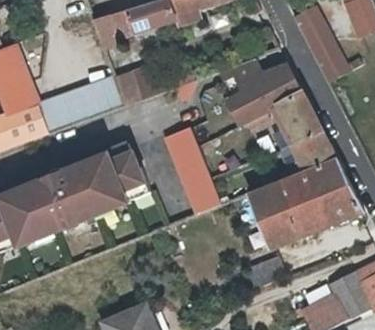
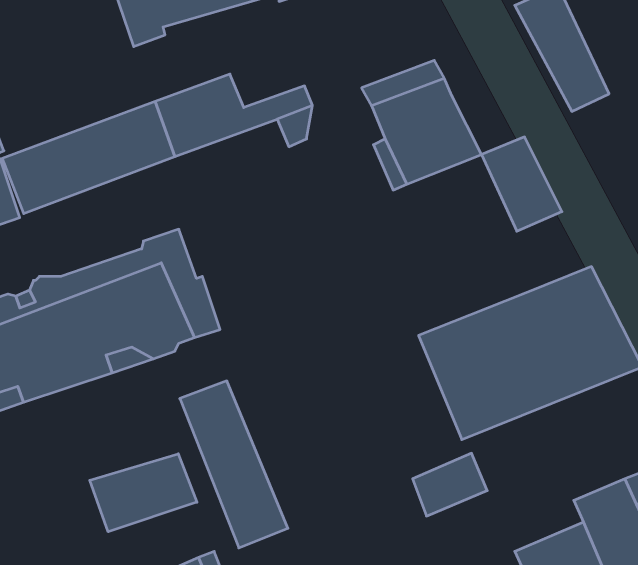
building: [266,65,303,104] -> none
building: [164,131,219,216] -> [180,381,288,548]
building: [293,133,337,175] -> none
building: none -> [90,454,197,532]

